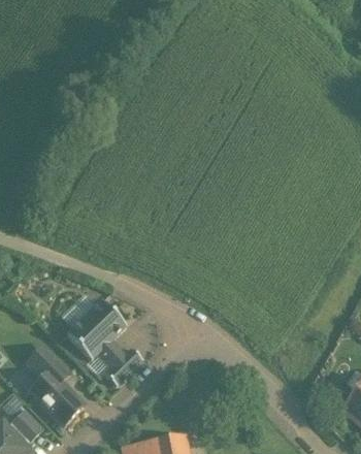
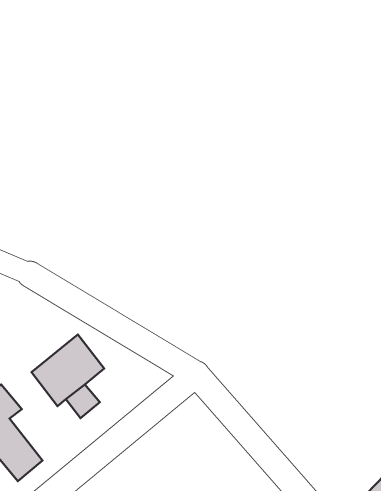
building: [103,349,141,386] -> none

